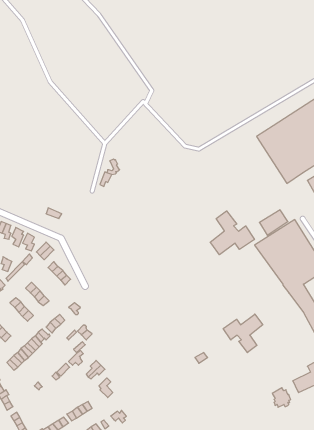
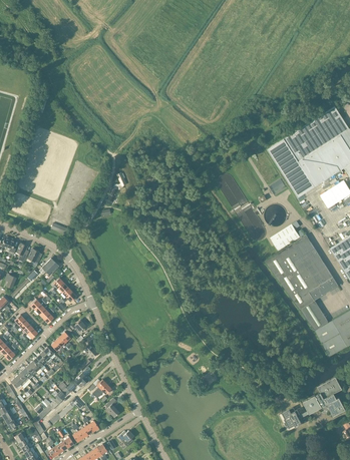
building: [210,211,254,255] -> none
building: [223,314,263,353] -> none

